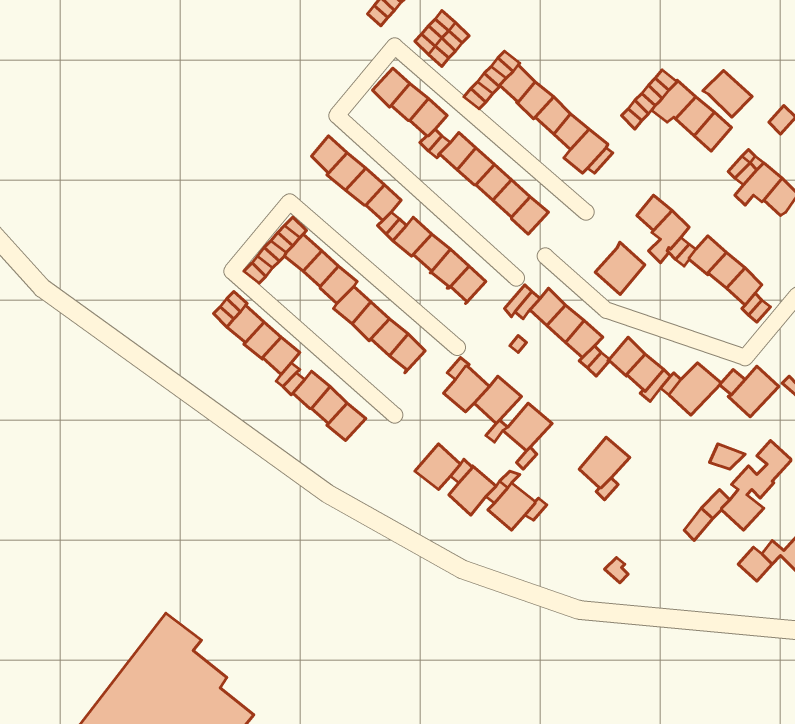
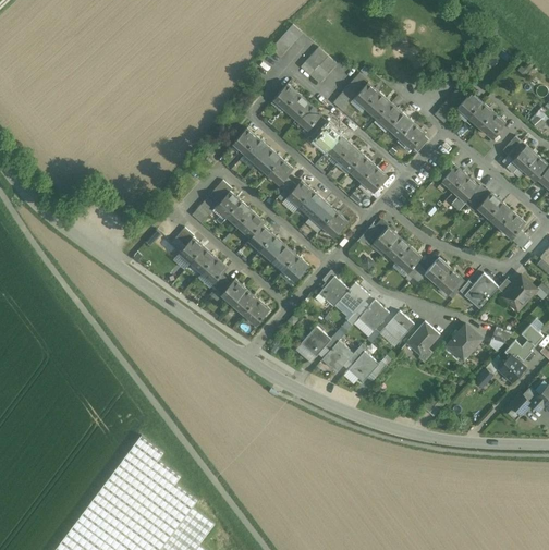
building: [703,70,752,117] -> none
building: [595,242,645,294] -> none
building: none -> [383,313,413,342]
building: none -> [447,327,480,360]

